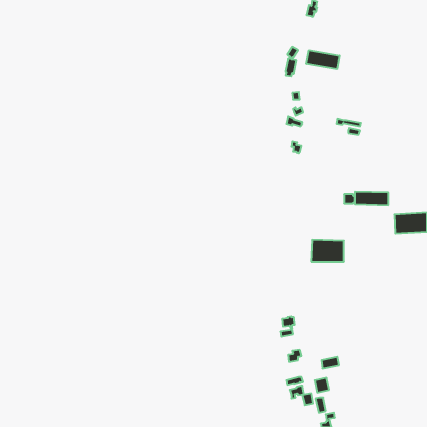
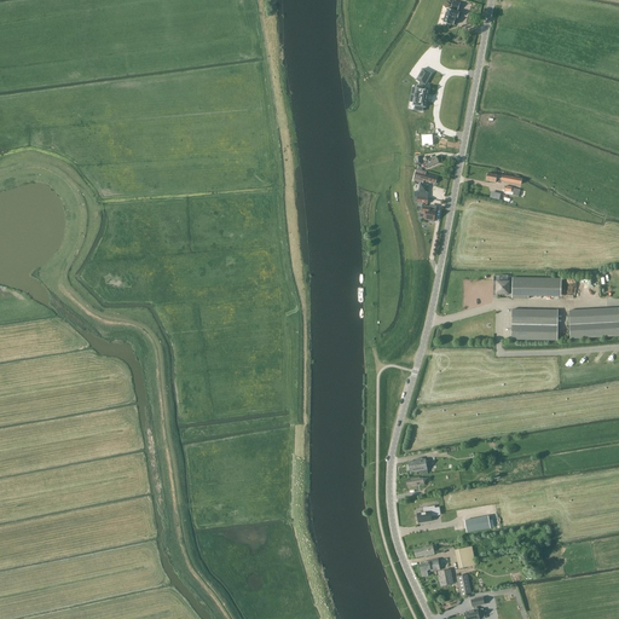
building: [306,50,340,69] -> none
building: [311,240,344,262] -> [511,308,559,340]

